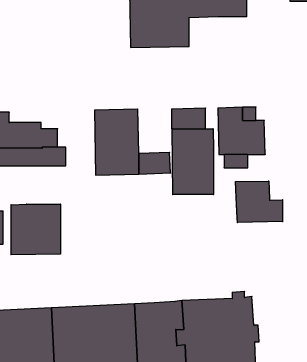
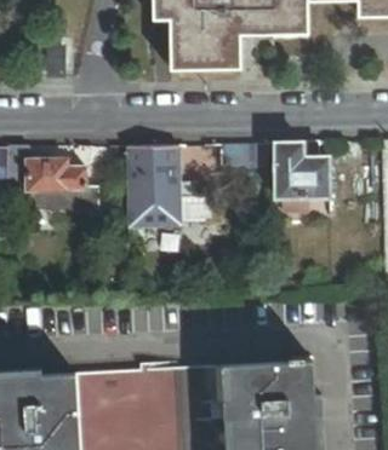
building: [172,129,213,195] -> none
building: [236,181,283,223] -> none
building: [11,204,60,255] -> none

